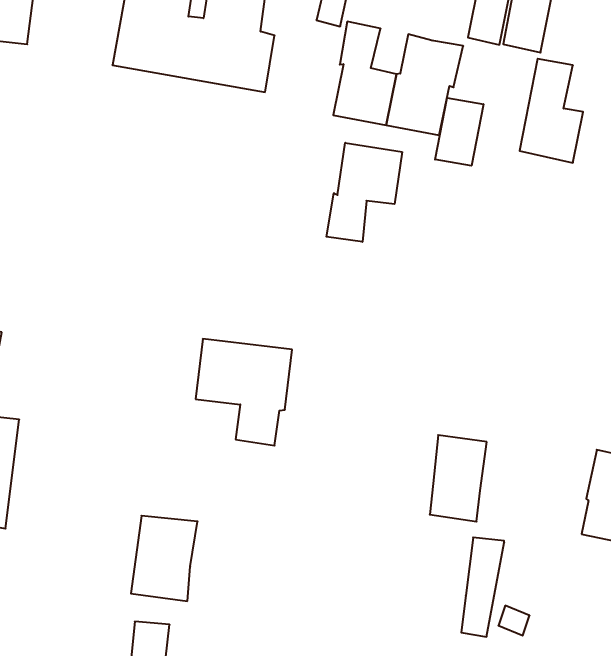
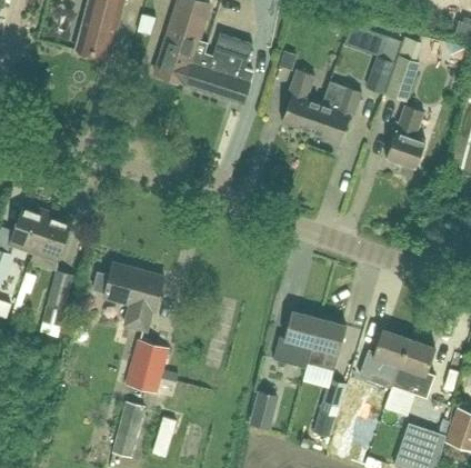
building: [435,98,483,166] -> none
building: [326,143,402,242] -> none
building: [196,339,292,446] -> [103,263,163,331]
building: none -> [270,310,315,367]
building: none -> [361,329,407,377]
building: none -> [252,387,277,425]

